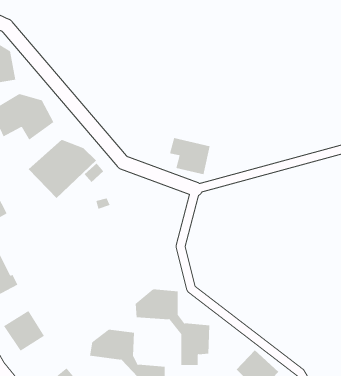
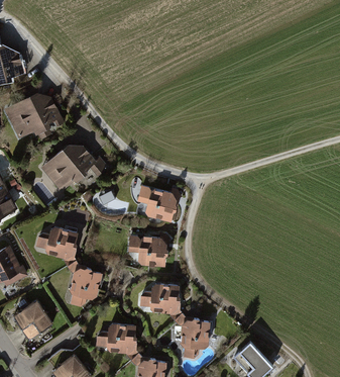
building: [169,138,211,175] -> [138,183,178,218]
building: none -> [33,222,102,307]
building: none -> [128,233,168,268]

